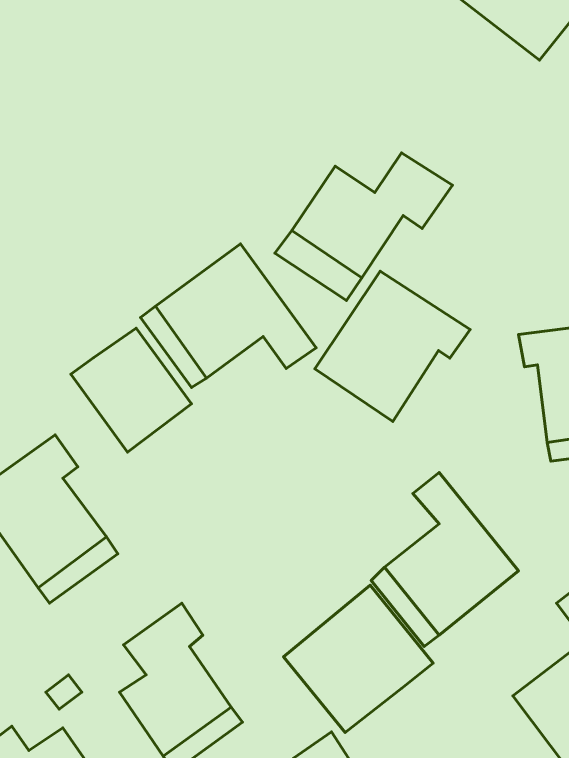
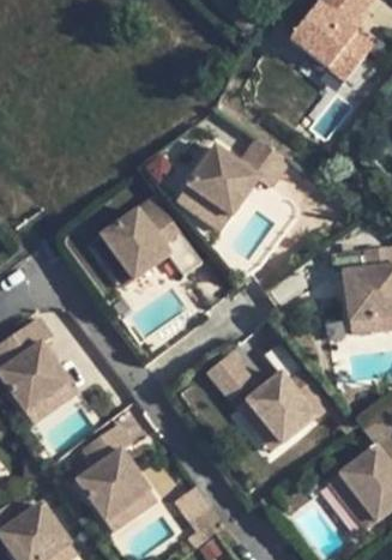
building: [315,271,470,421] -> none
building: [71,328,192,452] -> none
building: none -> [206,353,254,401]
building: [283,585,433,733] -> none

